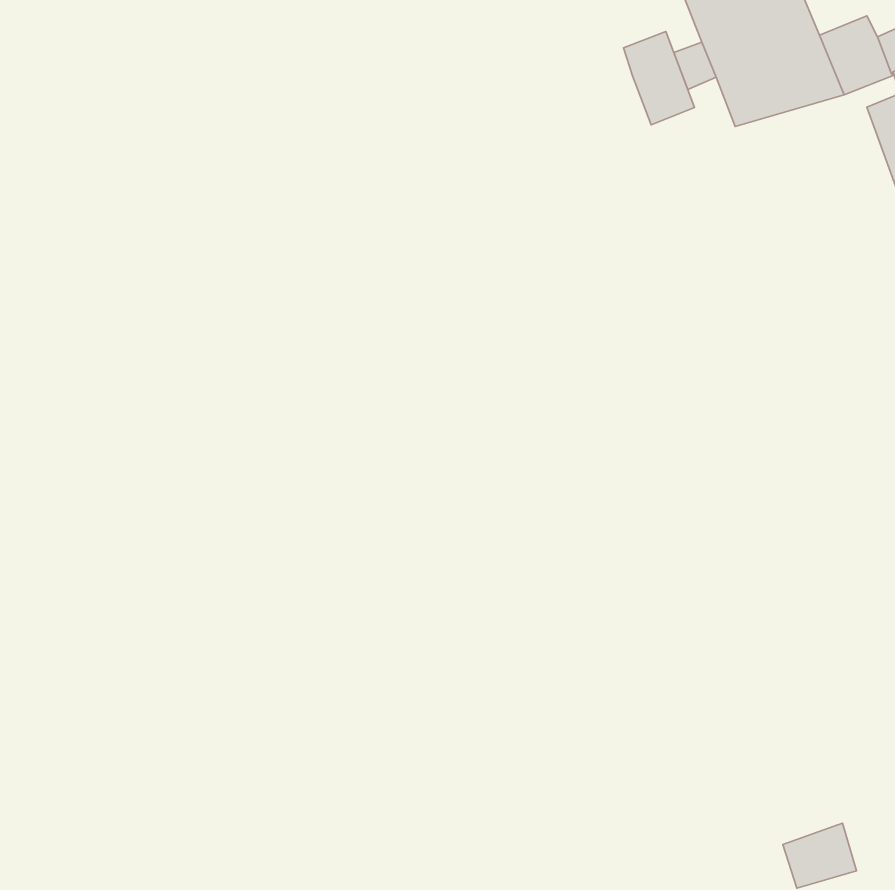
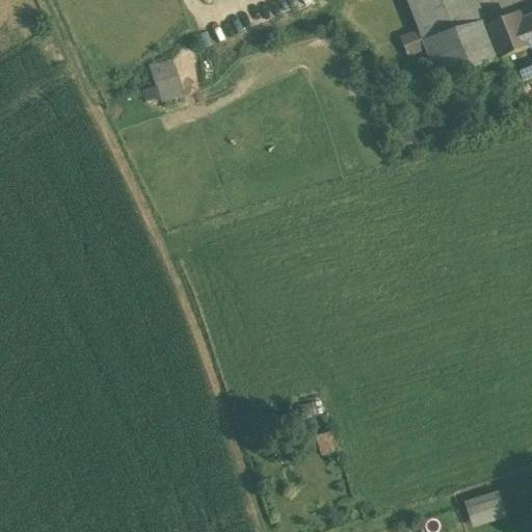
building: [623,32,695,125] -> none
building: none -> [149,54,185,99]

